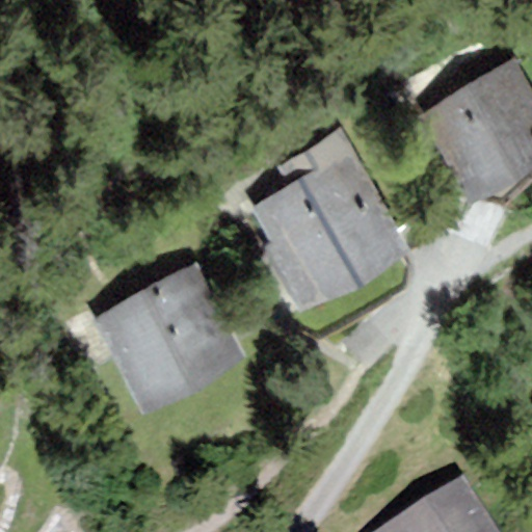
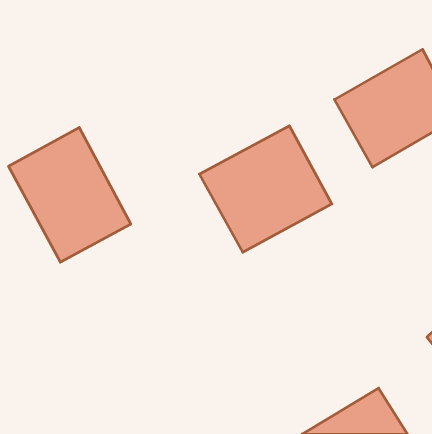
building: none -> [9,127,131,262]
building: [85,260,251,424] -> none

